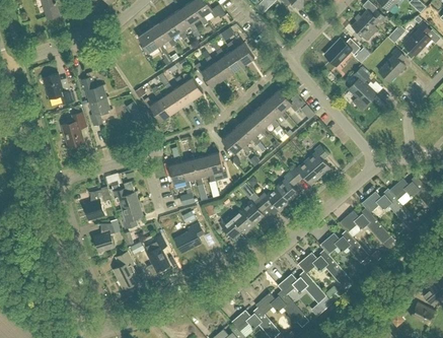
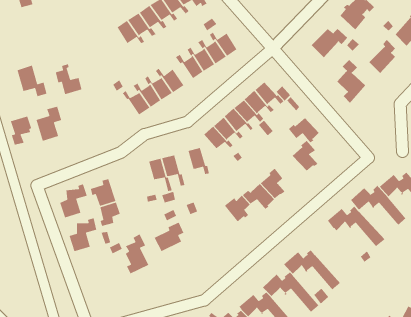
building: [88,97,109,126] -> [10,116,32,145]
building: [194,155,219,197] -> none
building: [289,160,319,186] -> [288,117,320,144]
building: [219,208,253,241] -> none
building: [319,230,368,263] -> none
building: [113,251,139,289] -> none

